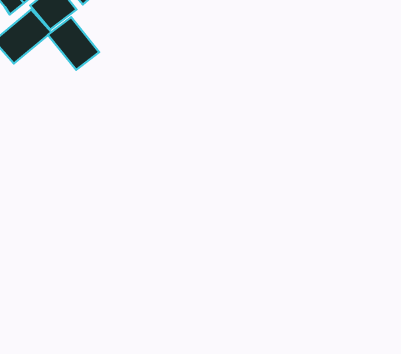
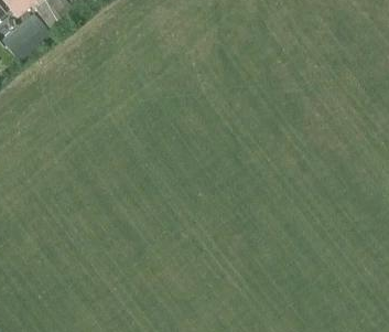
building: [48,17,99,70] -> none

